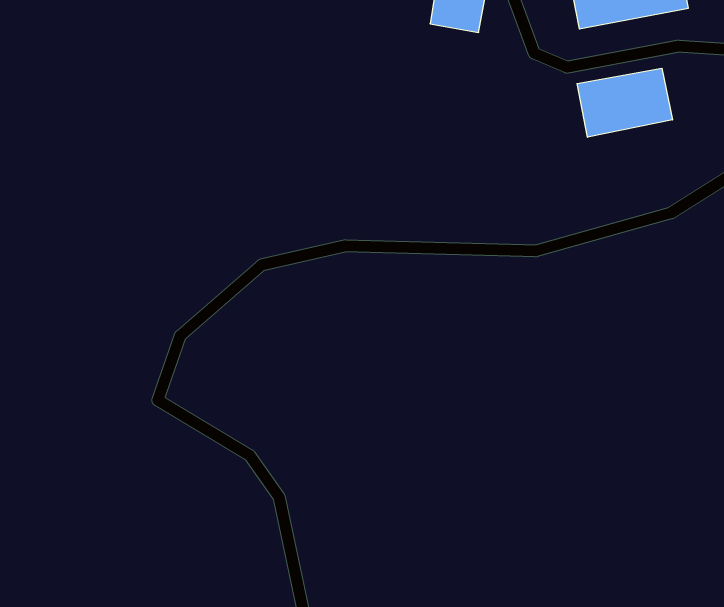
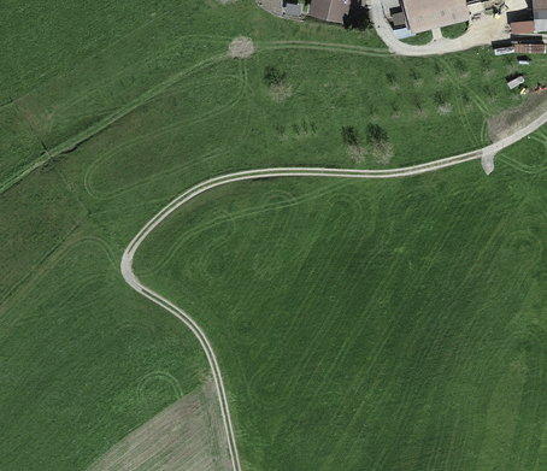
building: [577,68,672,137] -> none

